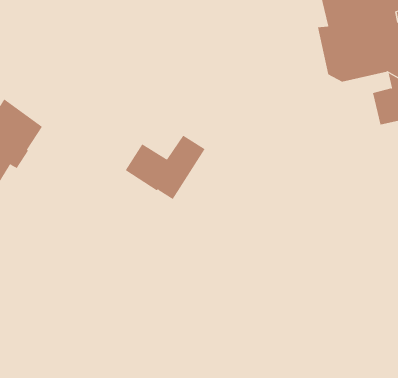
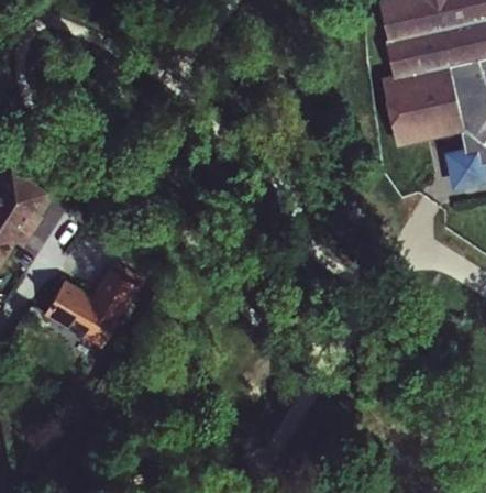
building: [125,135,206,200] -> [52,266,145,341]

